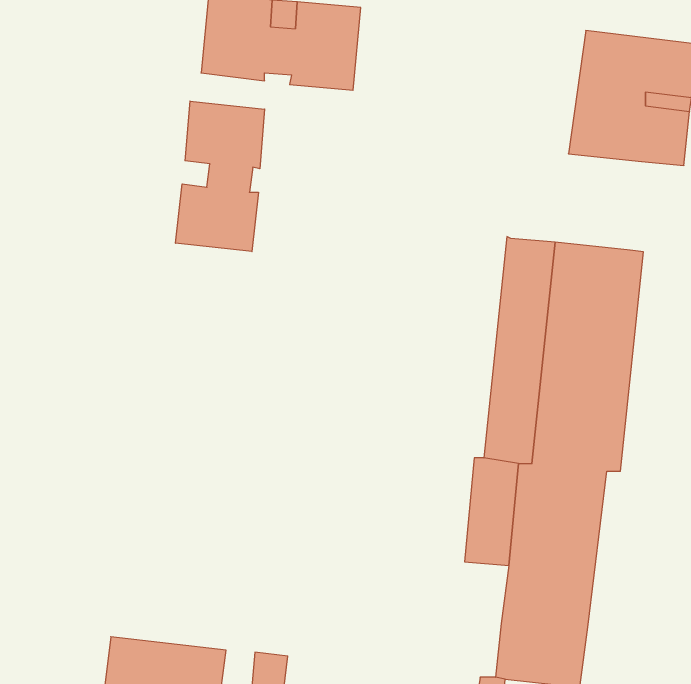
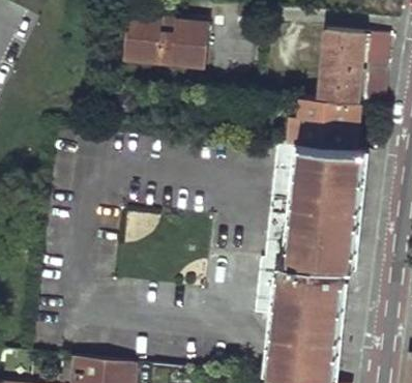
building: [176,101,265,252] -> none
building: none -> [290,93,360,147]

